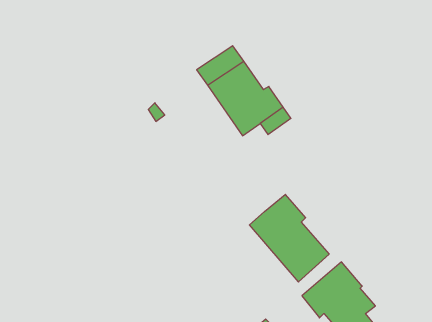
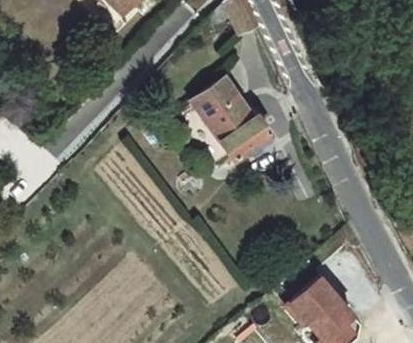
building: [249,194,329,282] -> none

